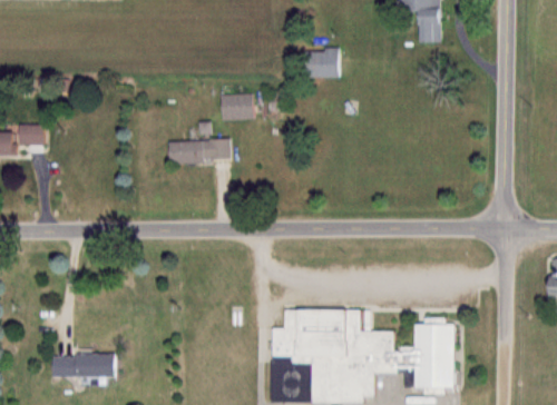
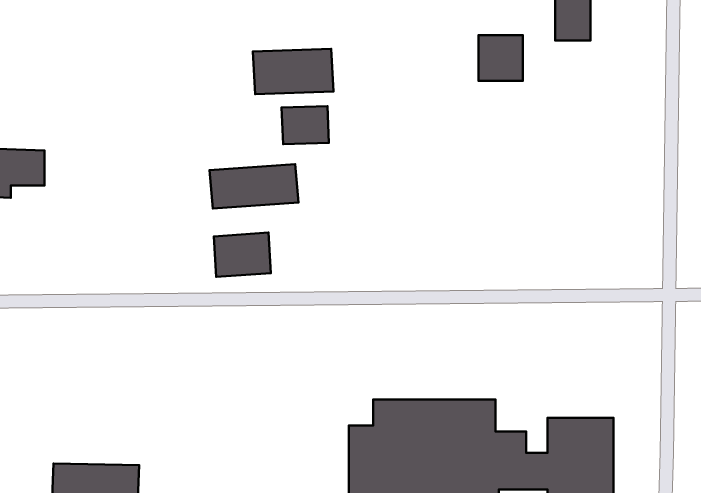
building: [309,46,341,79] -> [478,35,523,81]
building: none -> [253,49,333,94]
building: none -> [214,233,271,277]

